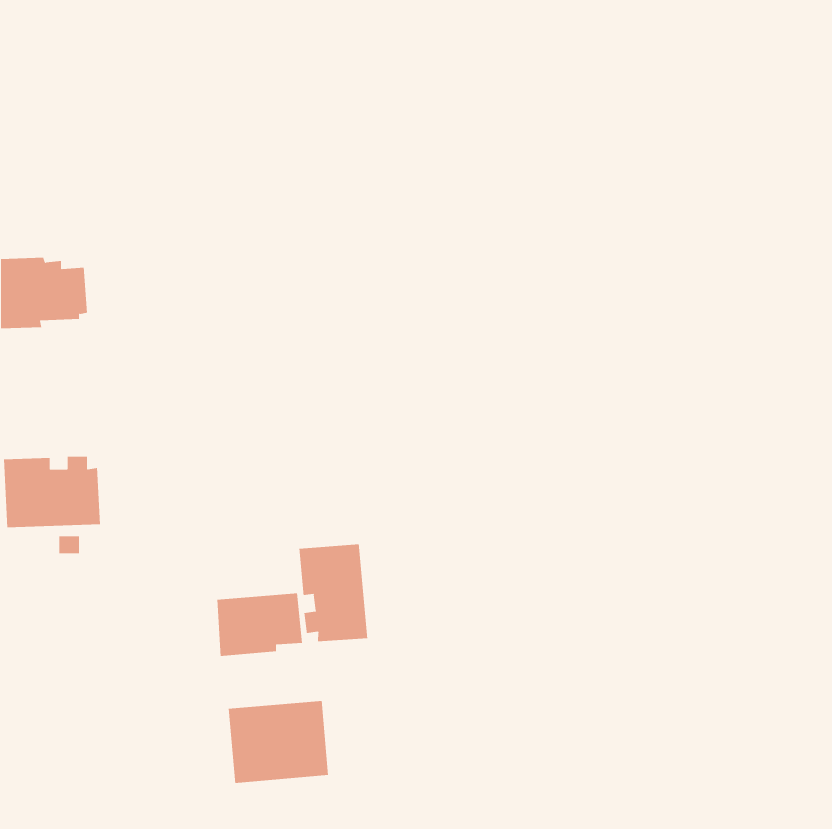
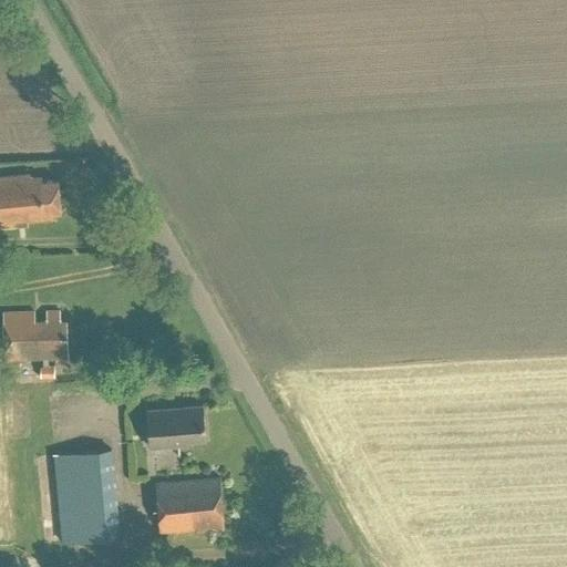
building: [299,543,368,642] -> none
building: none -> [37,450,120,546]

